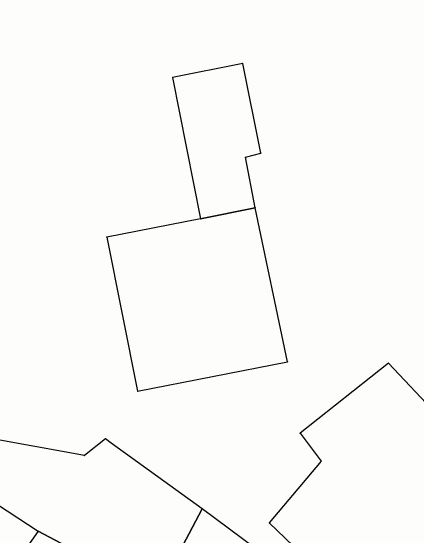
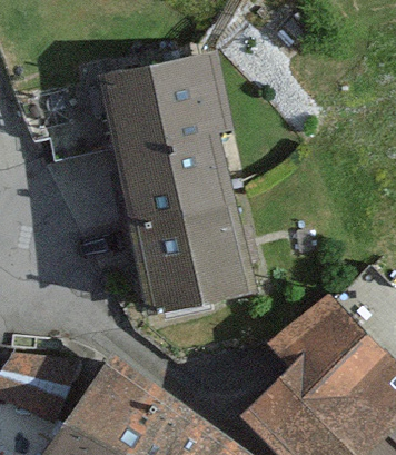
building: none -> [86,67,184,194]

